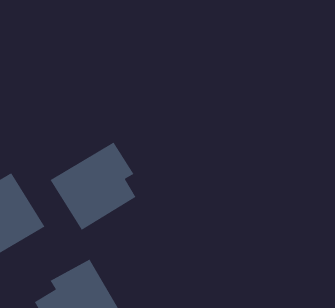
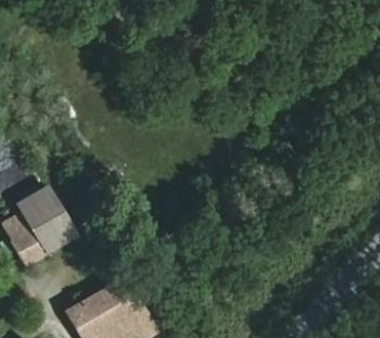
building: [50,142,136,231] -> none

